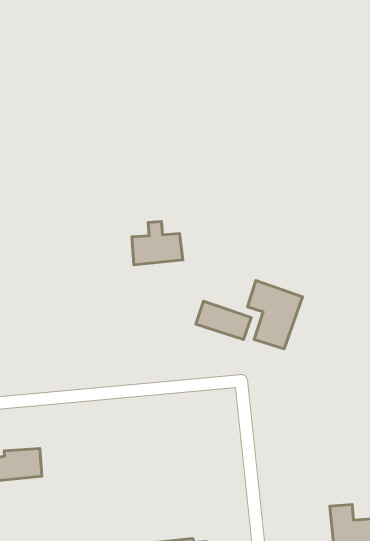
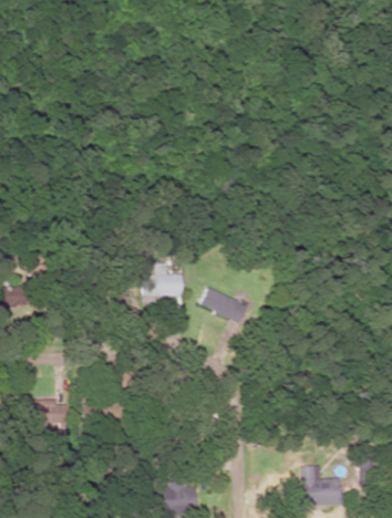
building: [132,221,183,265] -> [144,263,185,298]
building: [247,281,302,349] -> none

